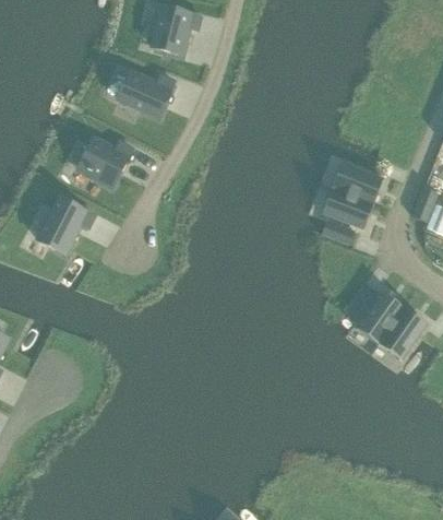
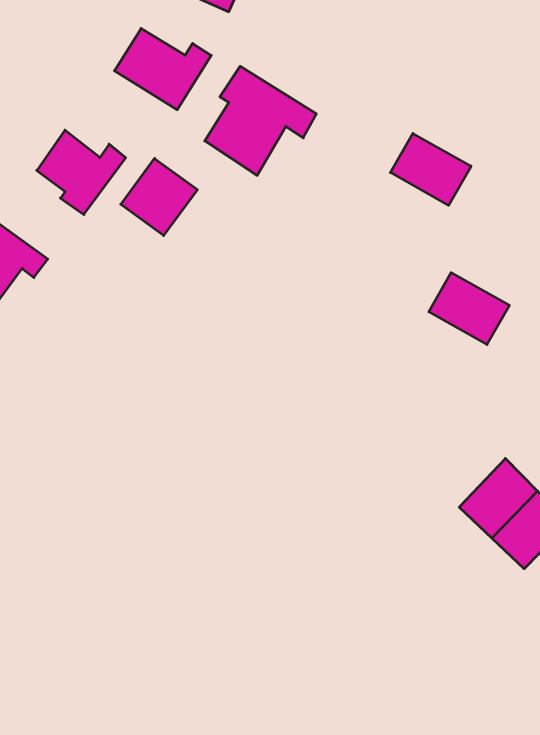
building: none -> [205,66,316,175]
building: none -> [121,158,197,236]
building: [333,162,380,201] -> [390,133,471,205]

